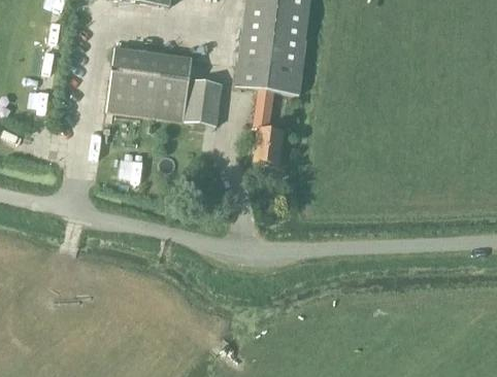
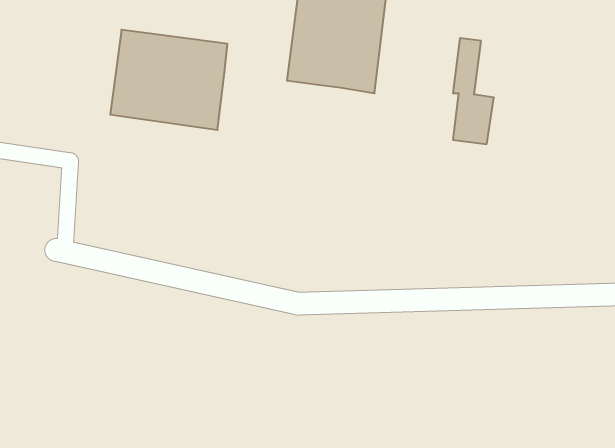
building: [185,78,221,125] -> none
building: [254,88,284,165] -> [453,38,494,144]

